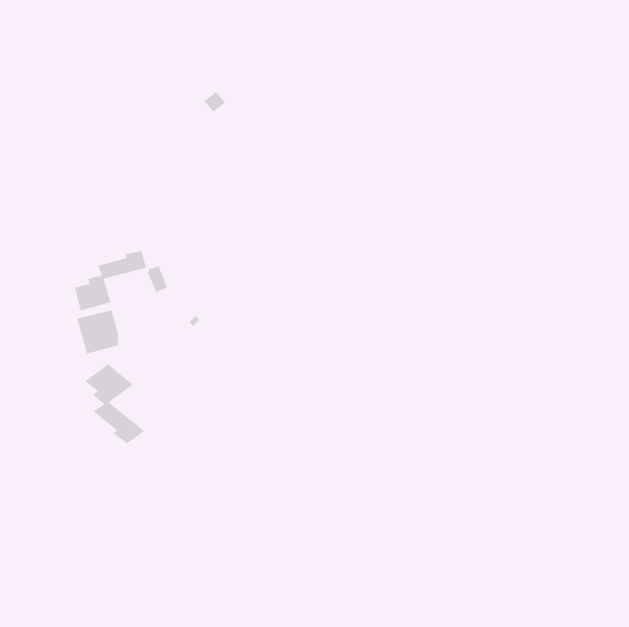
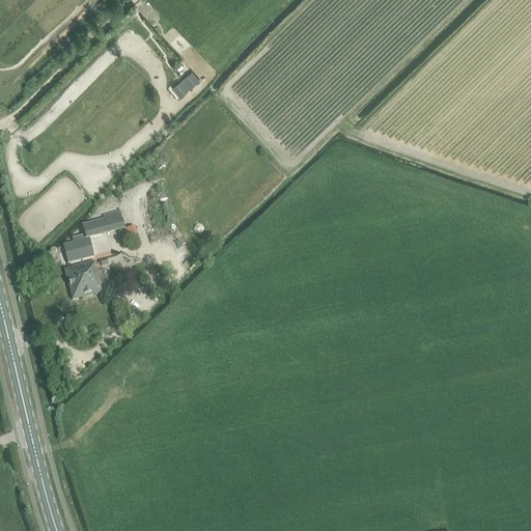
building: [84,363,145,444] -> none

